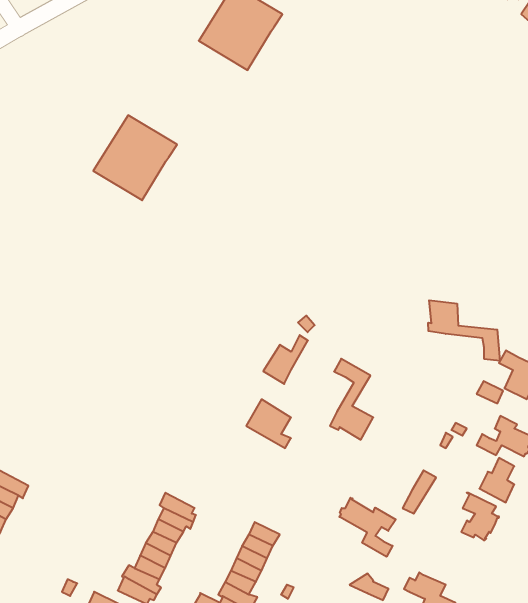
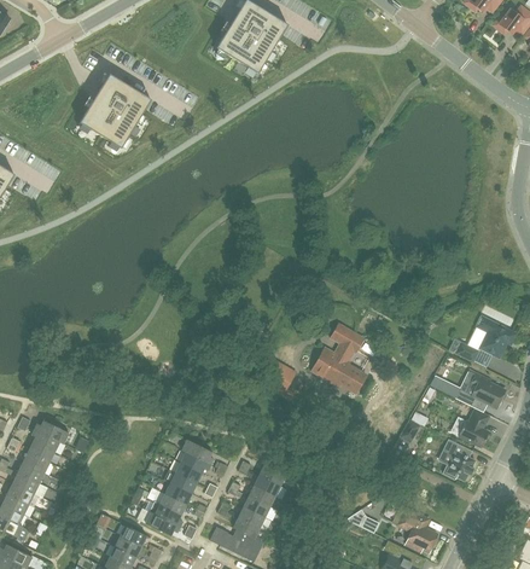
building: [93,115,177,200] -> [78,74,151,147]
building: [428,300,500,361] -> none
building: [263,335,308,384] -> [310,338,349,381]
building: [339,498,396,557] -> none

